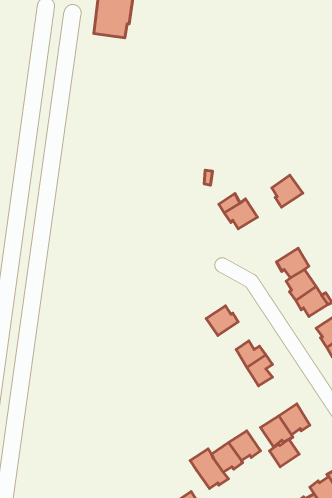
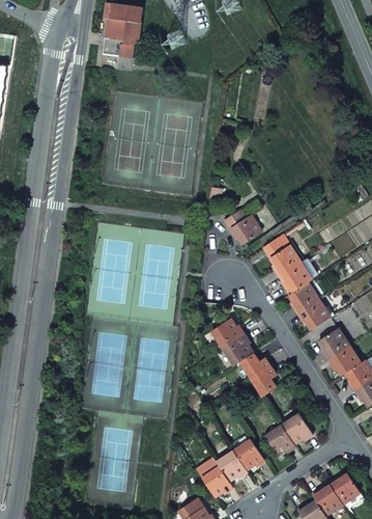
building: [272,175,303,207] -> [270,245,301,276]
building: none -> [223,334,253,365]
building: [269,439,299,467] -> none

